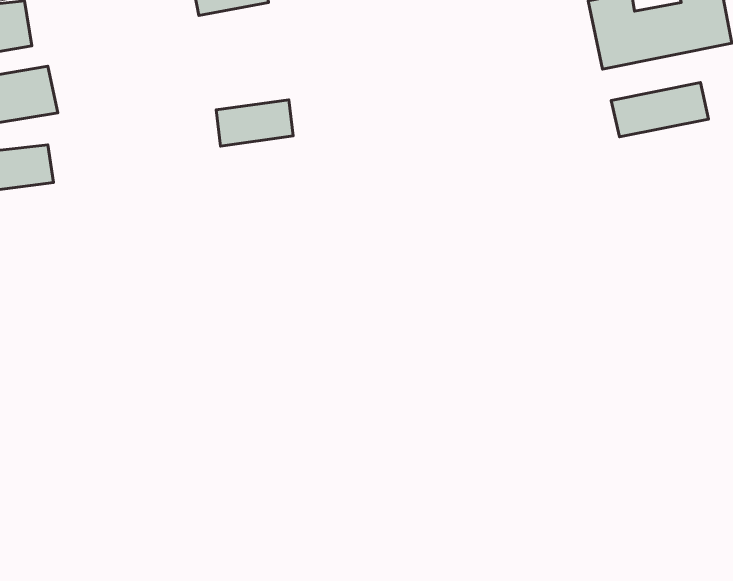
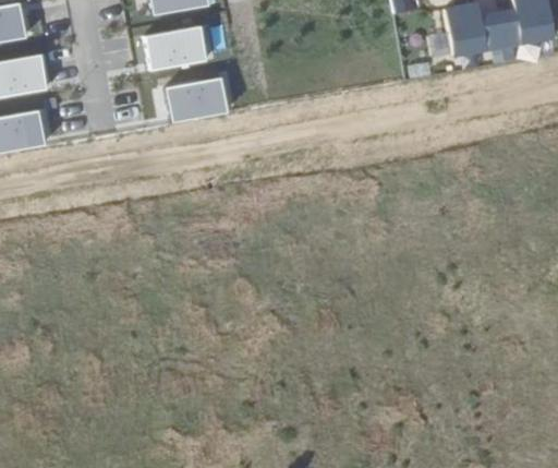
building: none -> [143,29,206,73]
building: [611,83,709,137] -> none

